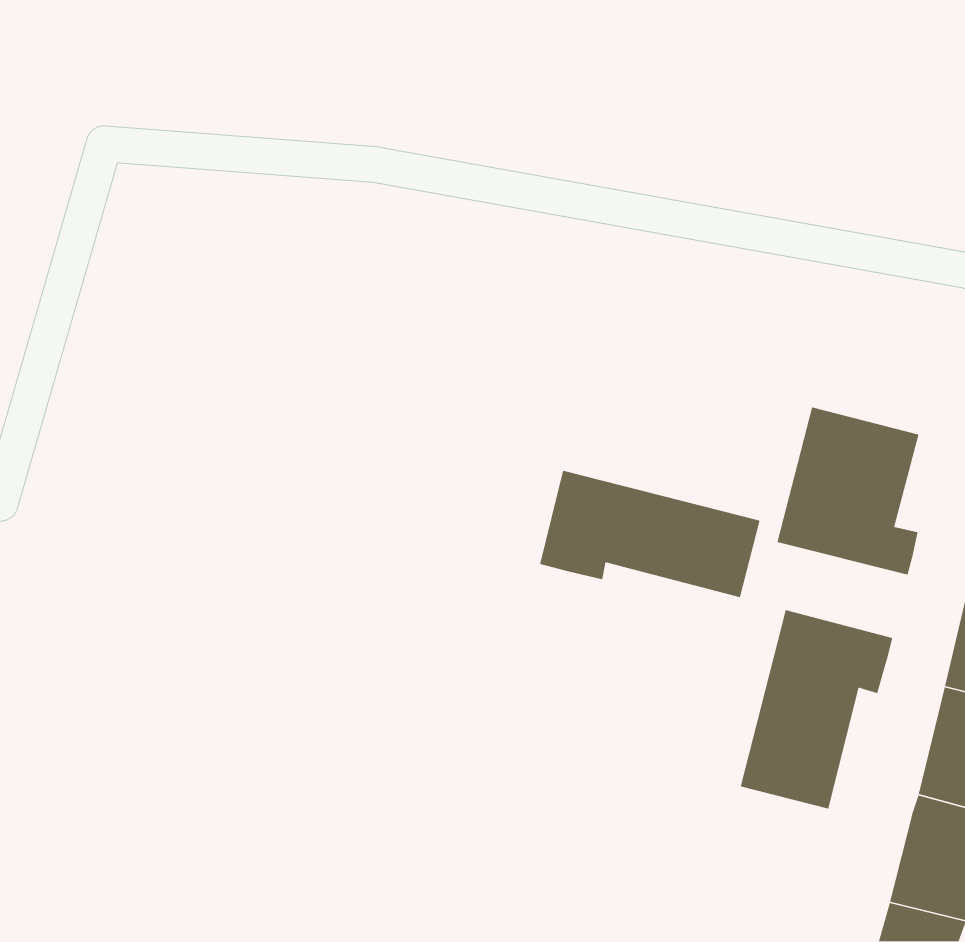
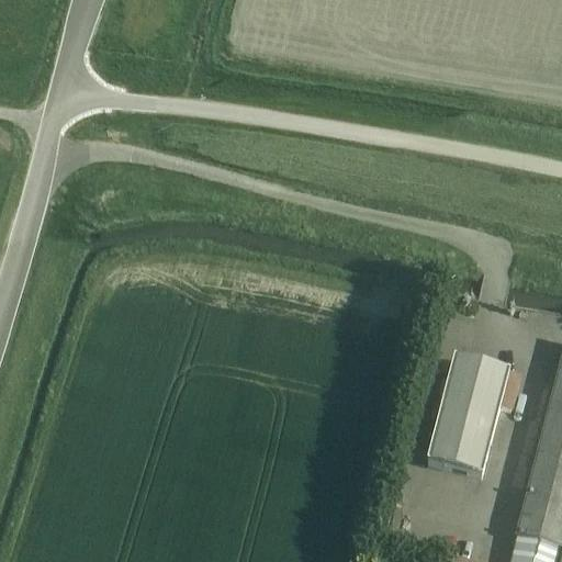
building: [777,407,920,576] -> none
building: [539,470,761,598] -> none

